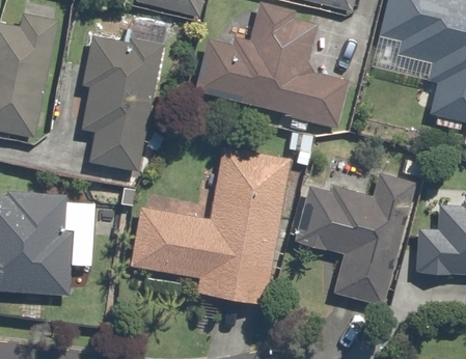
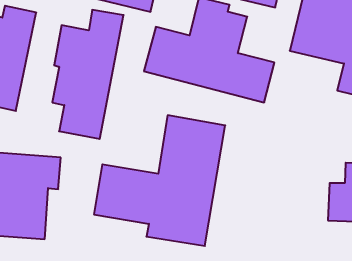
building: [293,170,418,306] -> none

